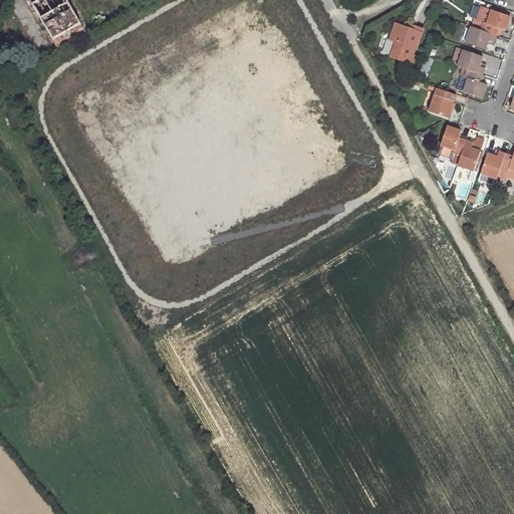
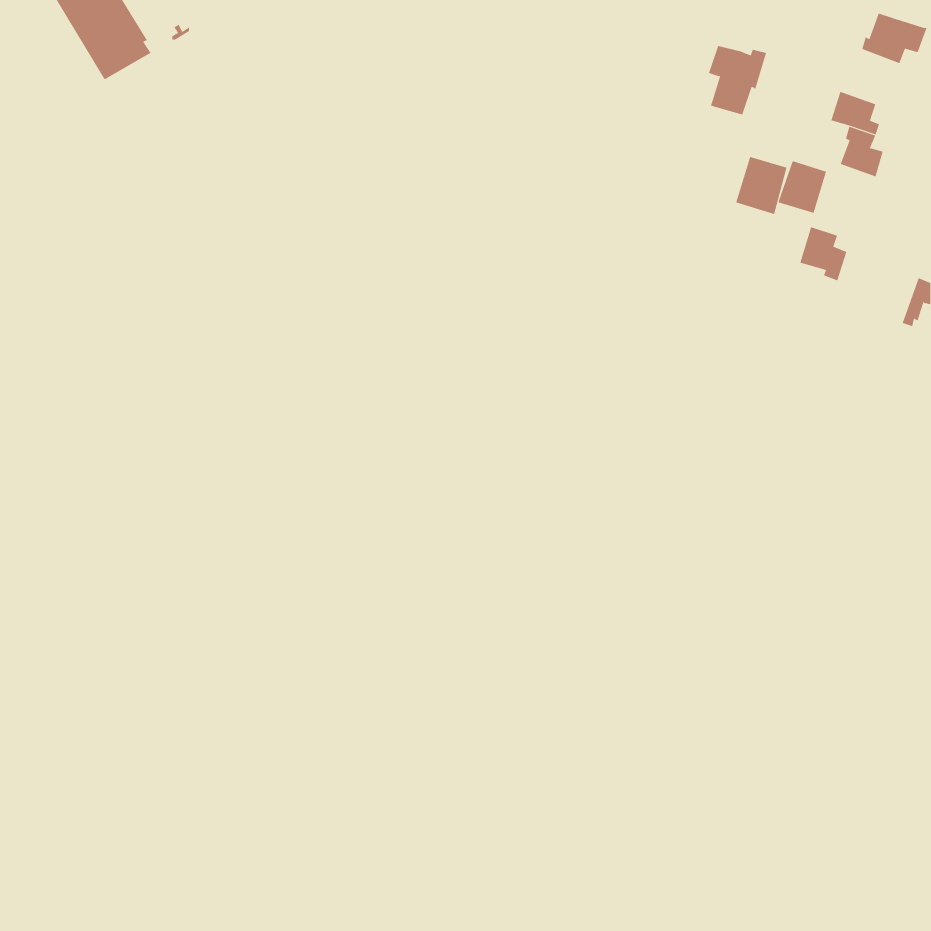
building: [465,26,495,49] -> none
building: none -> [736,156,787,215]
building: [458,138,484,170] -> none
building: [481,150,505,179] -> none

